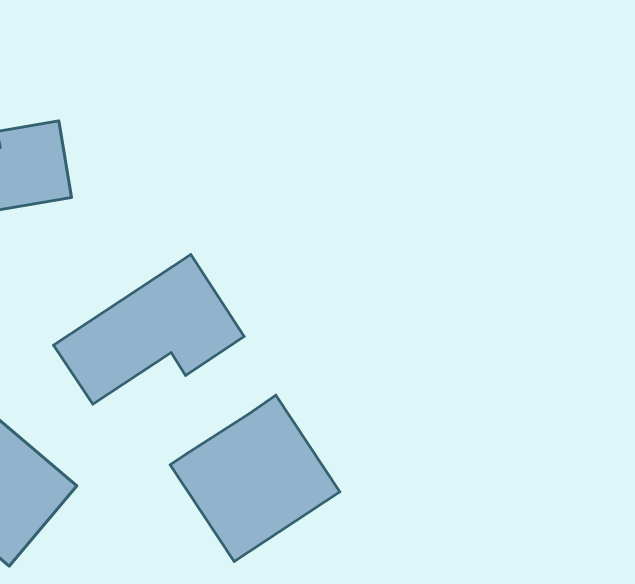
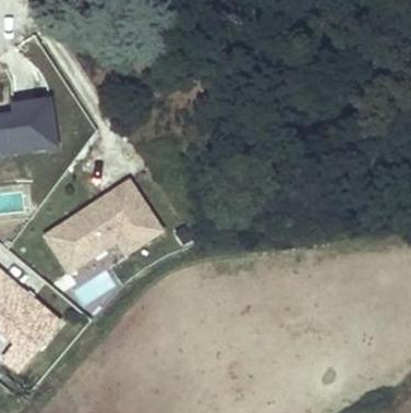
building: [170,395,340,562] -> none

